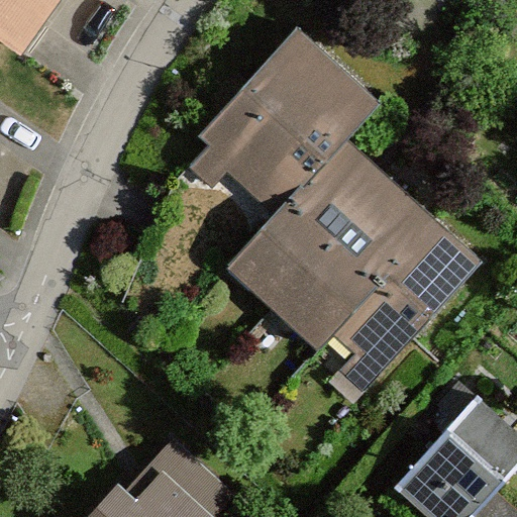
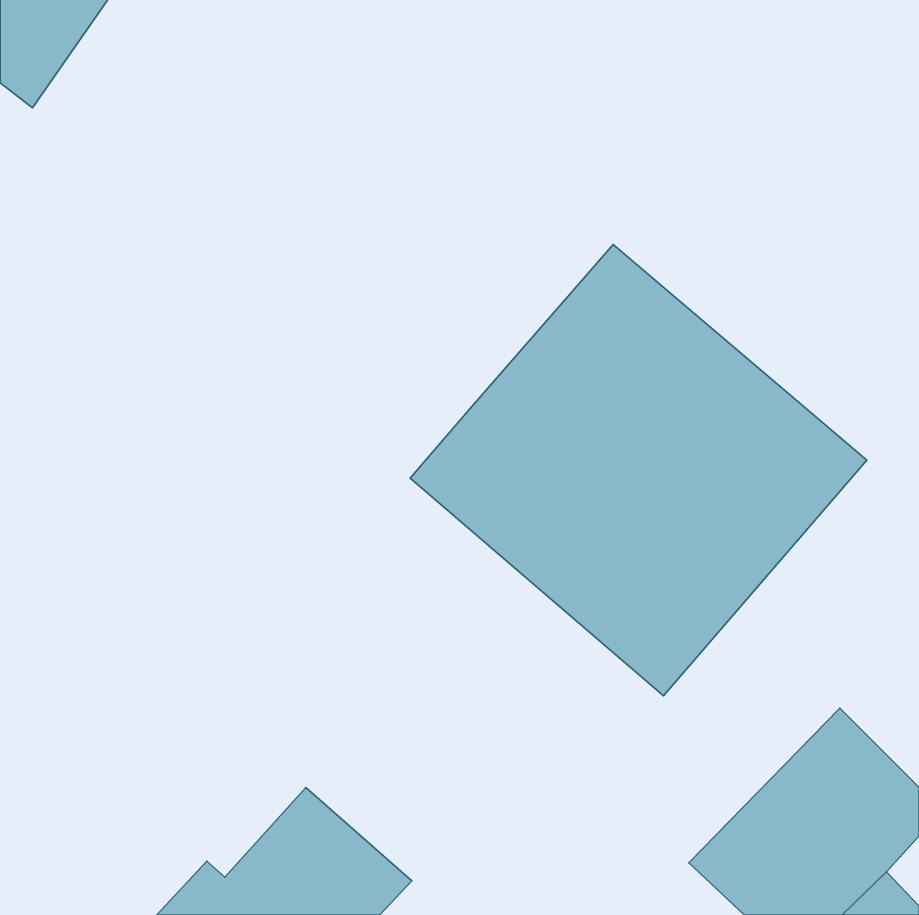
building: [181,34,373,231] -> none

